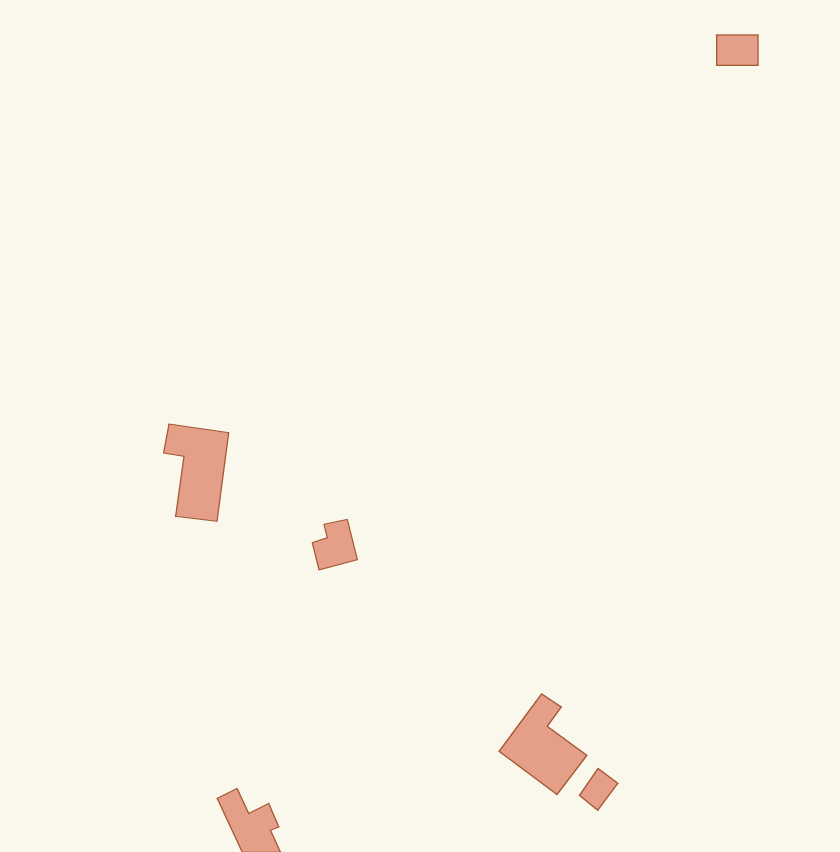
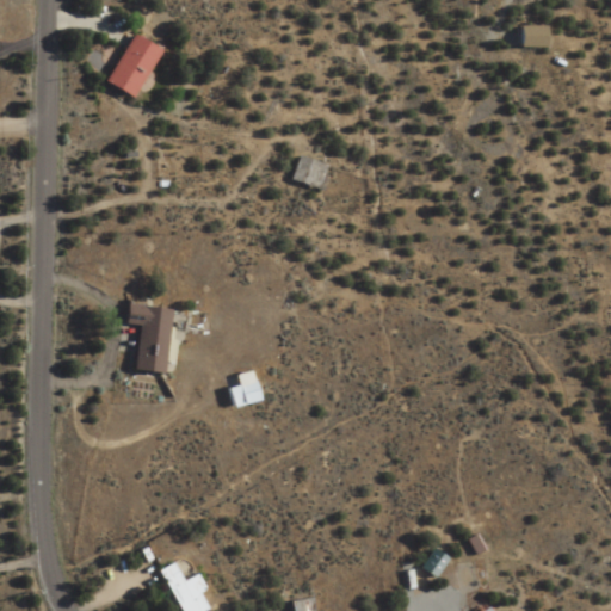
building: none -> [107,33,163,97]
building: none -> [295,155,331,189]
building: [499,694,587,795] -> none

